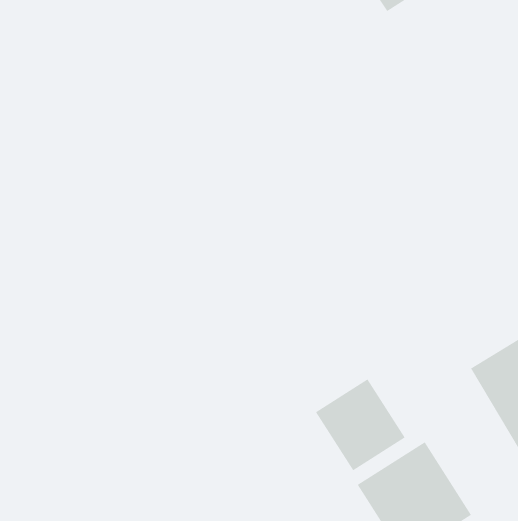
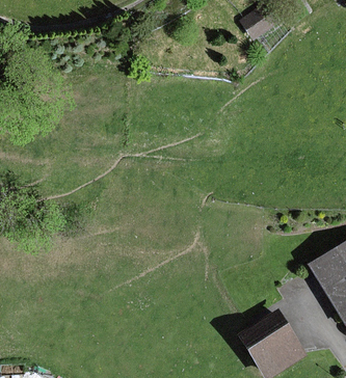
building: [315,379,405,471] -> none

